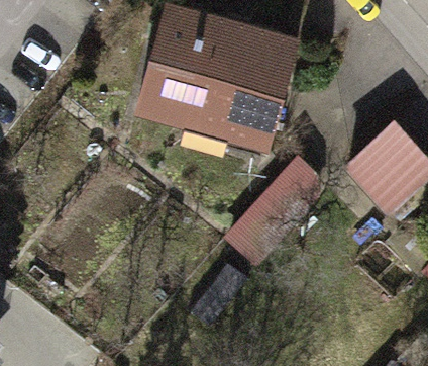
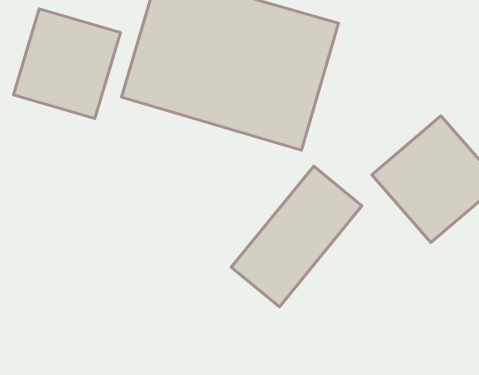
building: none -> [13,9,121,119]

